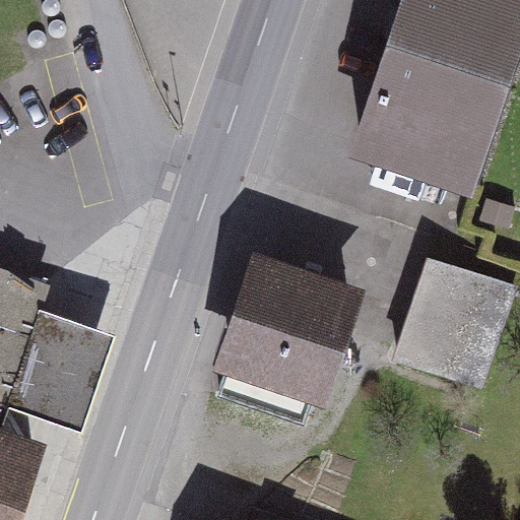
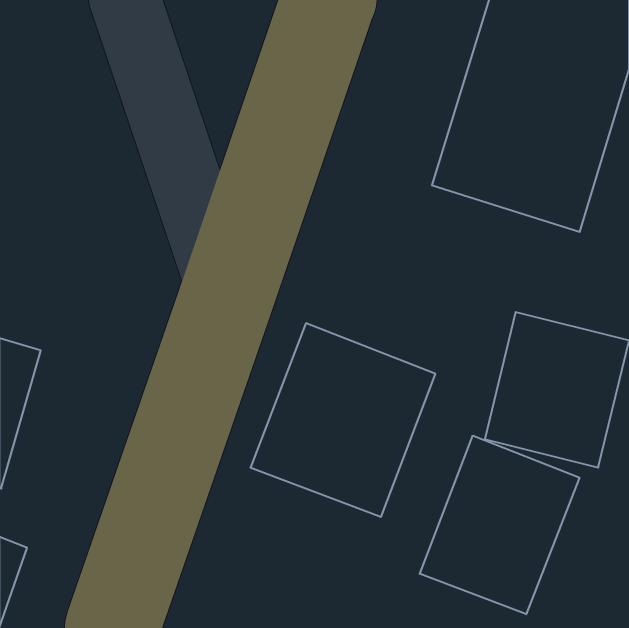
building: [9,303,113,422] -> none
building: none -> [420,436,579,614]

